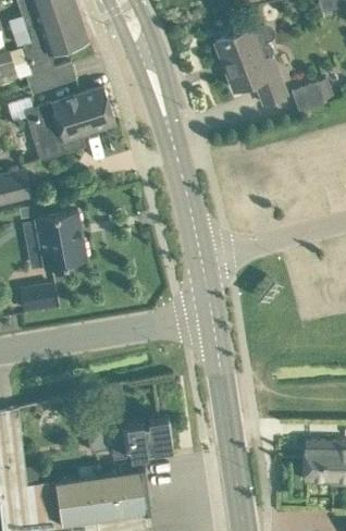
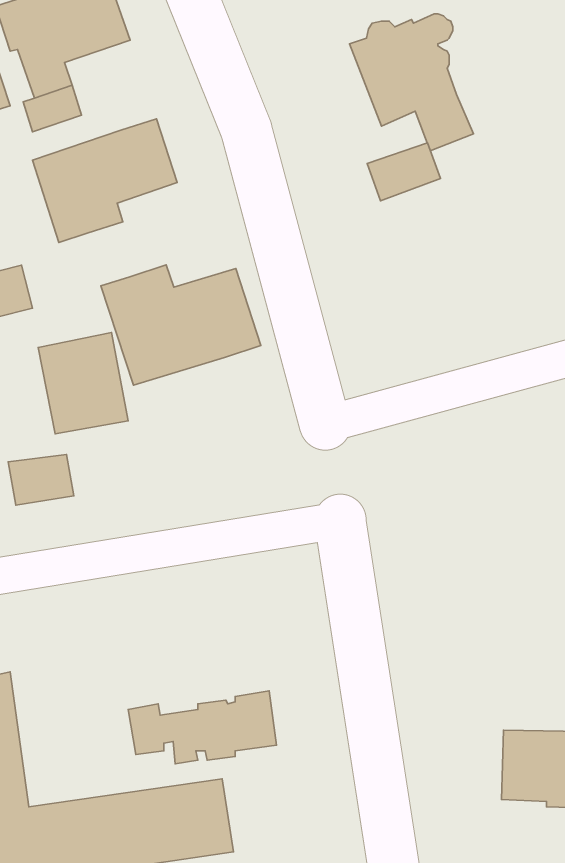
building: [292,79,334,113] -> [367,143,440,201]
building: none -> [101,265,261,385]

